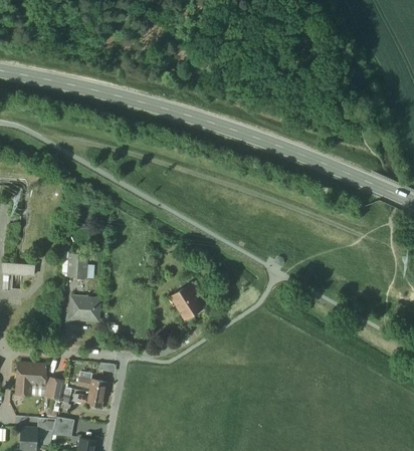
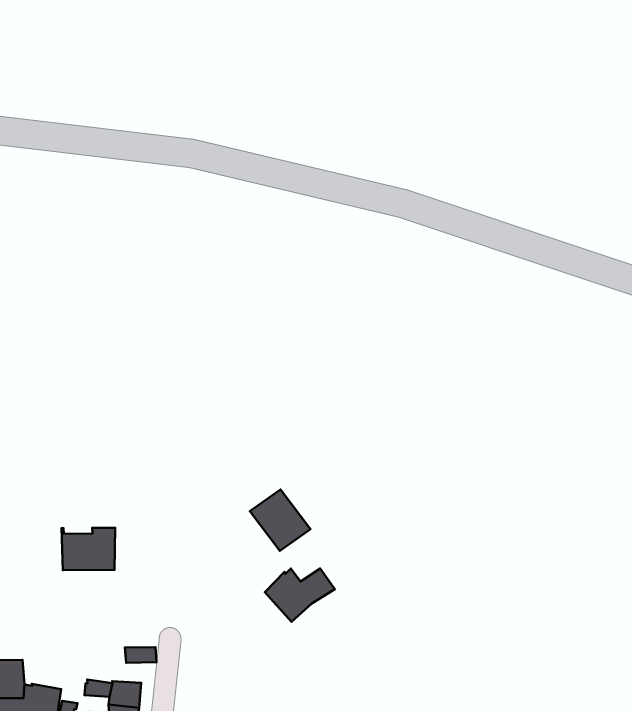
building: [67,252,87,277] -> none
building: none -> [265,569,335,622]

